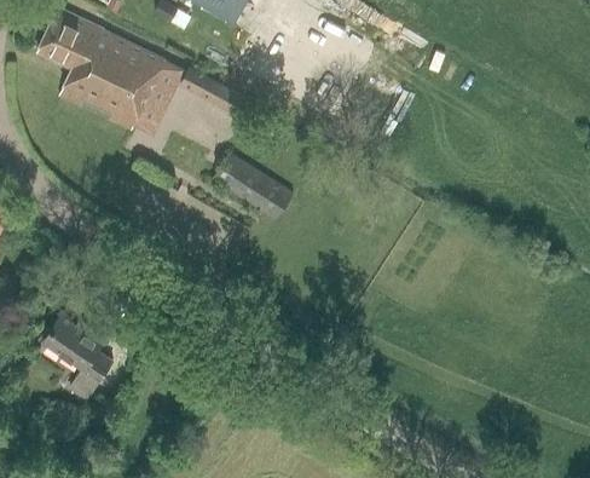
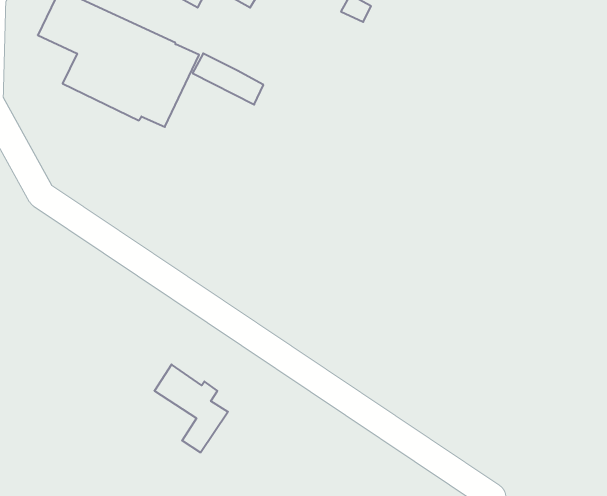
building: [210,151,293,219] -> none
building: [42,318,110,399] -> [154,364,228,452]

